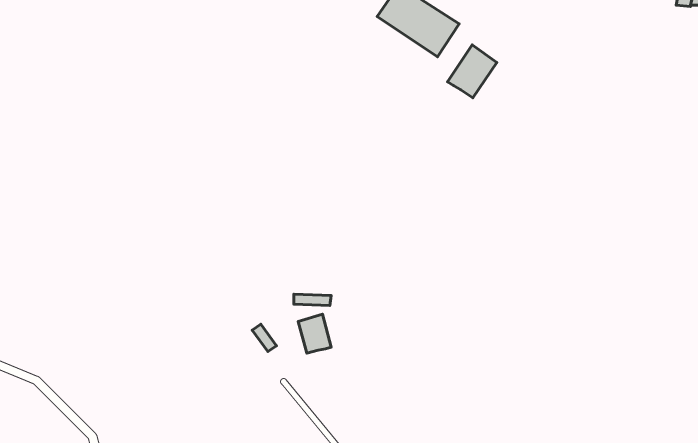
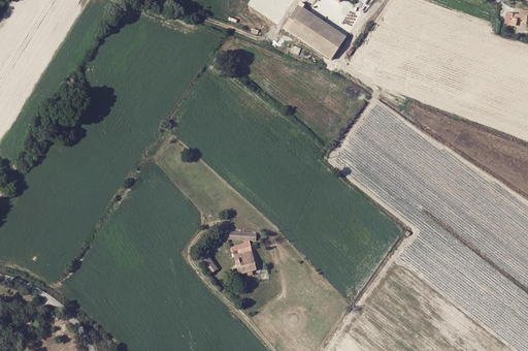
building: [447,45,497,98] -> none

